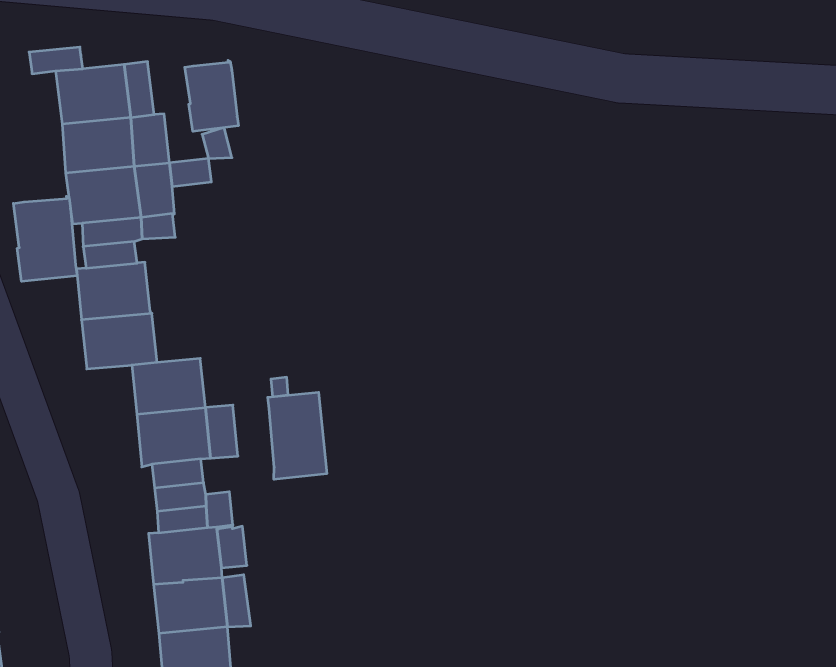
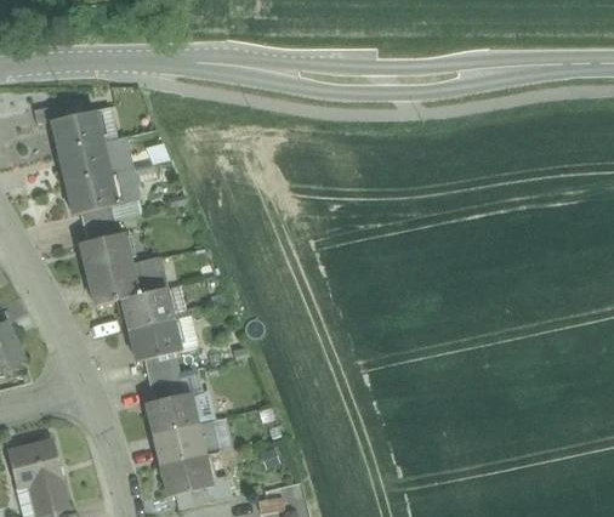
building: [185,60,238,131] -> none
building: [13,196,77,281] -> none
building: none -> [130,257,165,295]
building: [268,392,327,479] -> none

